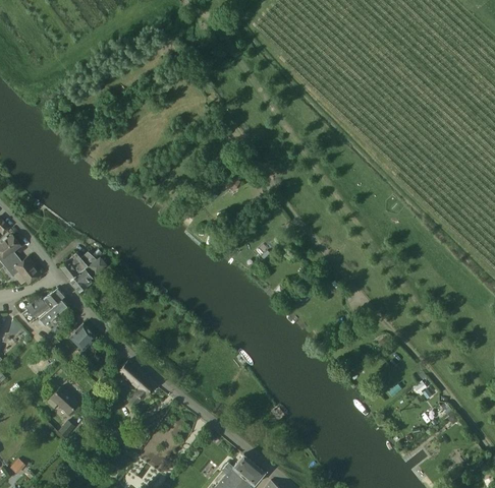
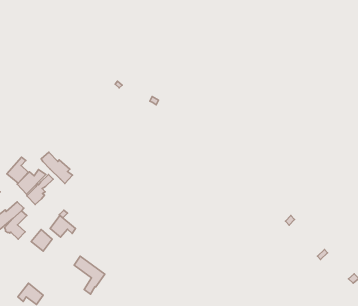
building: none -> [41,152,72,184]
building: none -> [7,157,28,183]
building: none -> [50,216,76,237]

